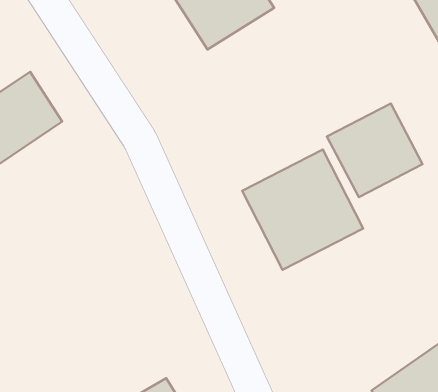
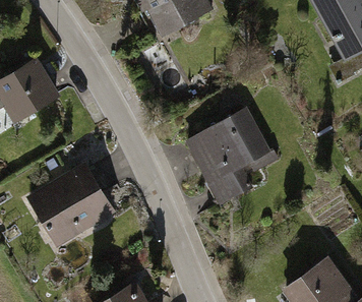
building: [327,104,423,197] -> none
building: none -> [26,163,112,244]

